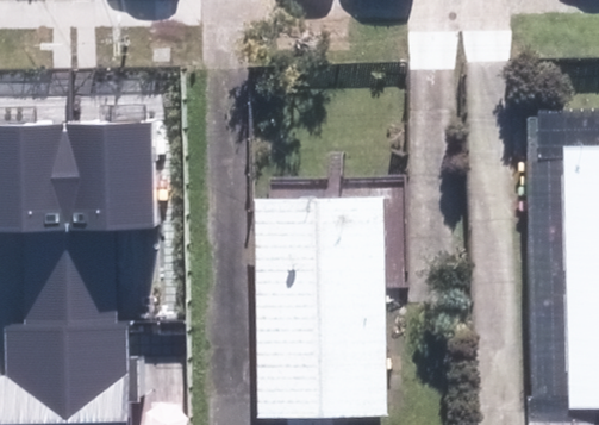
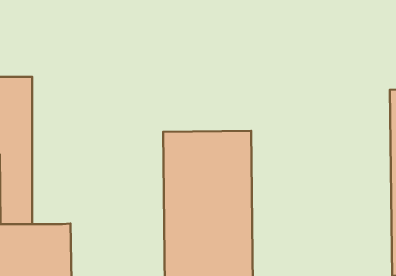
building: [73,124,156,329] -> none

